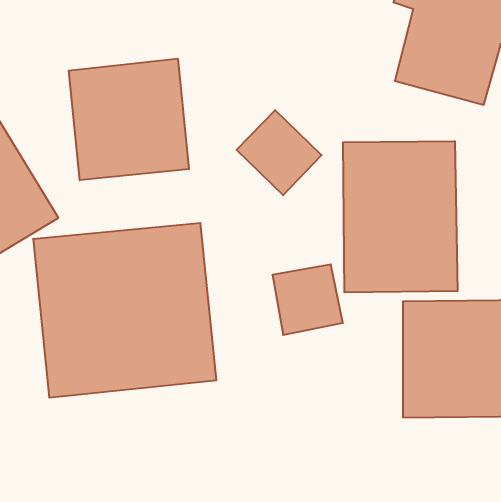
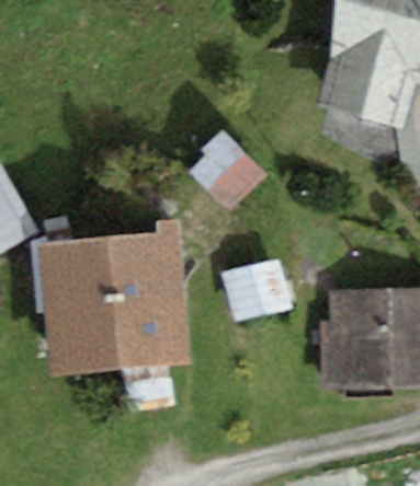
building: [69,59,189,180] -> none
building: [343,141,457,292] -> none

